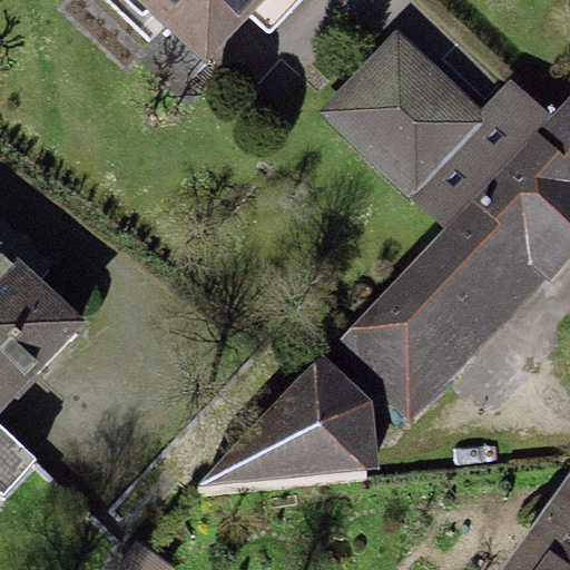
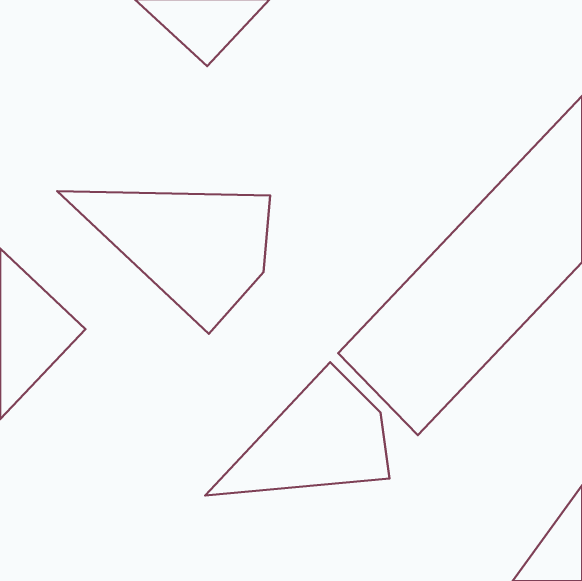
building: [318,30,550,227] -> none
building: none -> [57,191,270,334]

